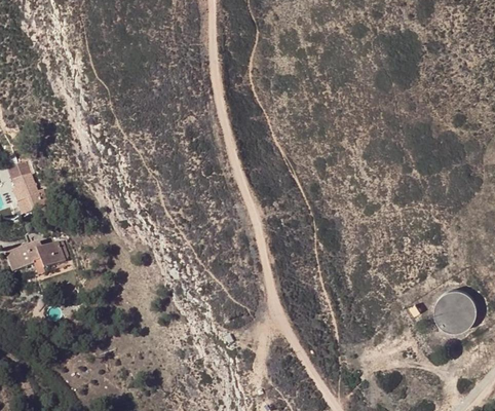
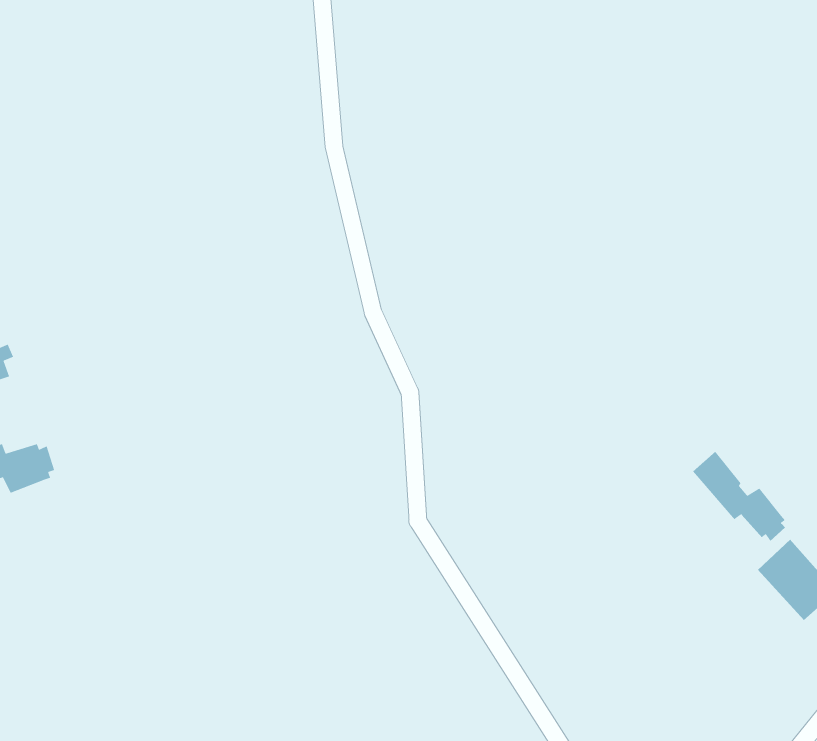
building: none -> [692,451,786,542]

